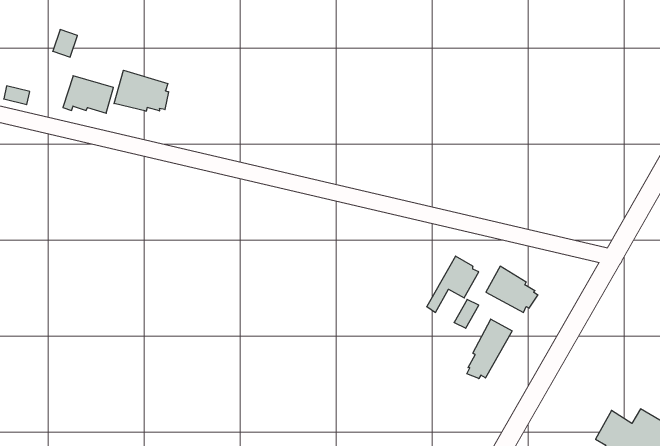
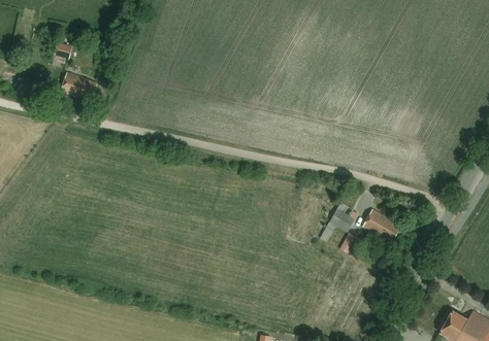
building: [114,70,169,111] -> none
building: [467,319,512,379] -> none

